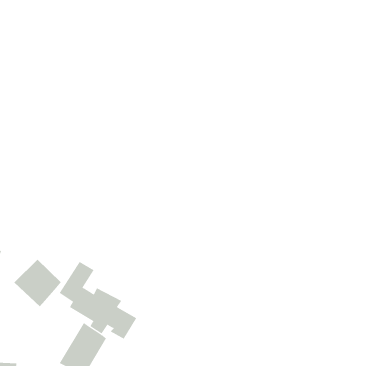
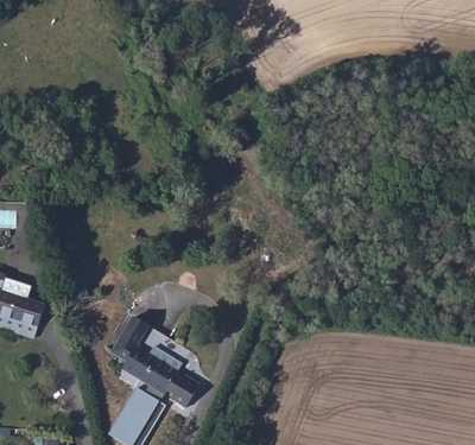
building: [14,259,62,307] -> none

